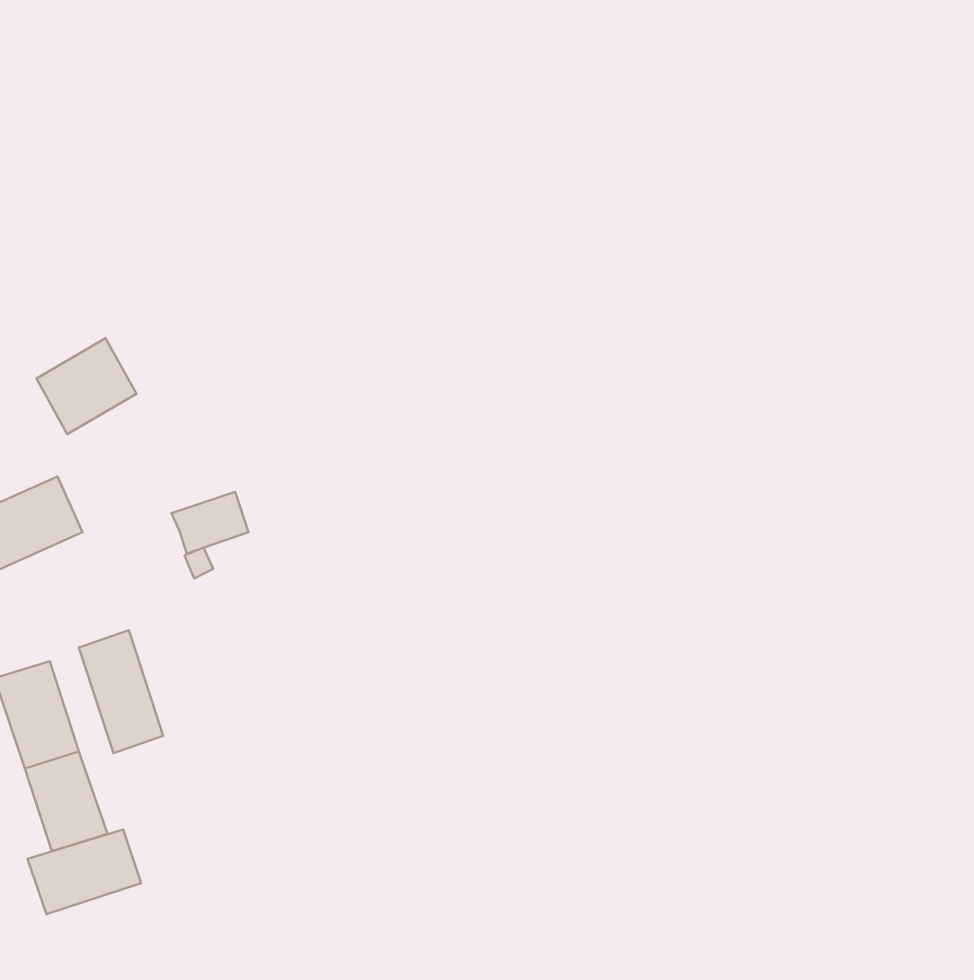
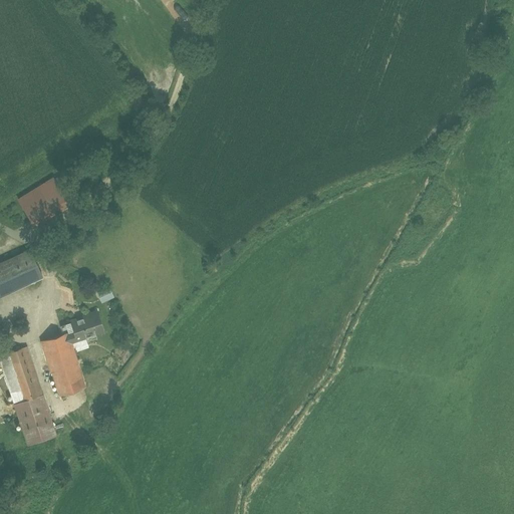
building: [172,492,248,553] -> [63,310,103,342]
building: [28,829,141,914] -> none

